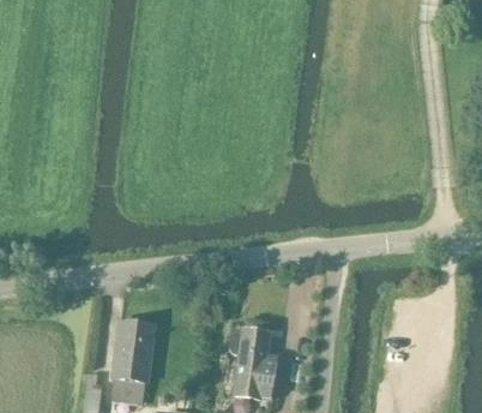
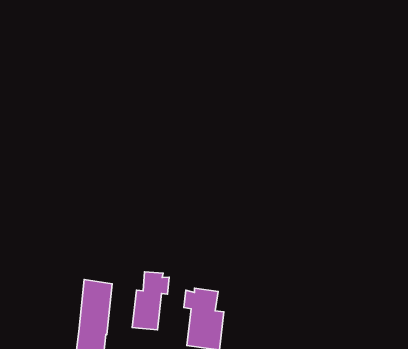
building: none -> [132,272,169,330]

